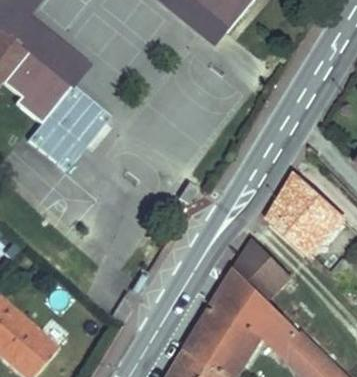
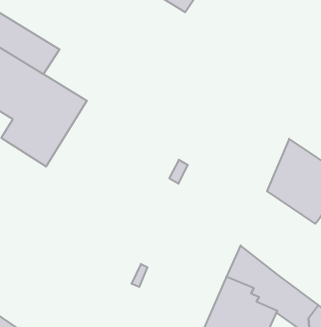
building: [235,238,290,298] -> none

